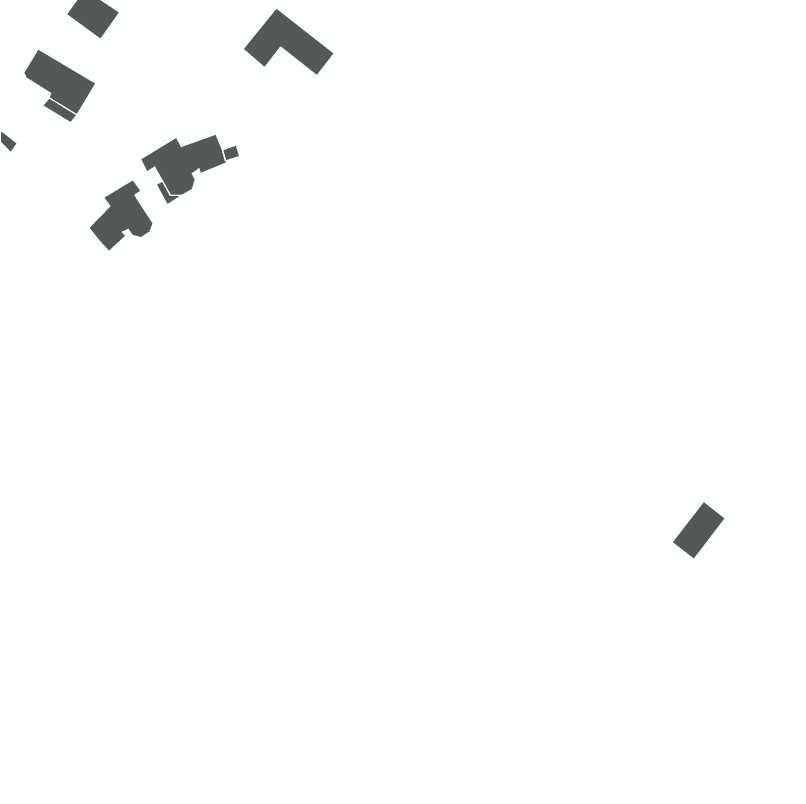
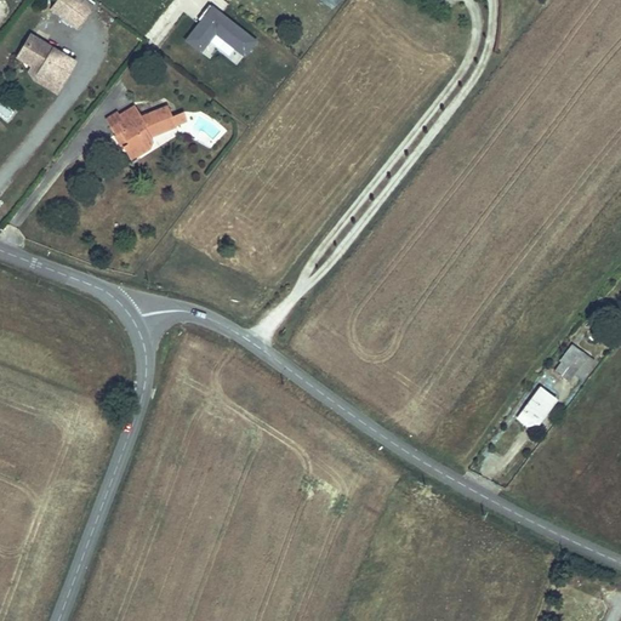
building: [89,179,153,252] -> none
building: none -> [556,343,596,381]

